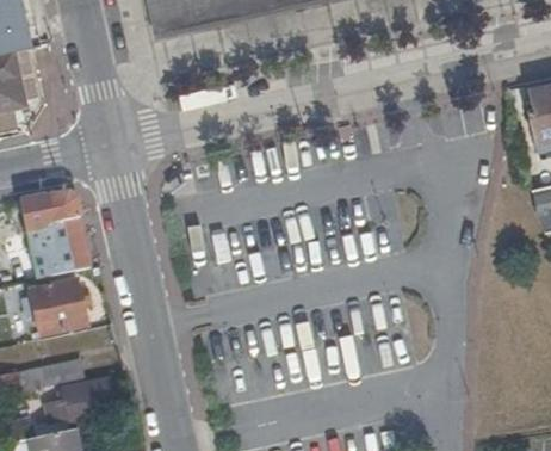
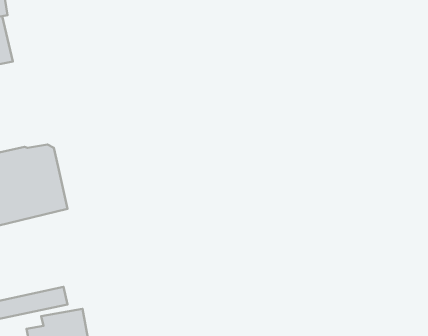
building: [29,276,83,330] -> none

